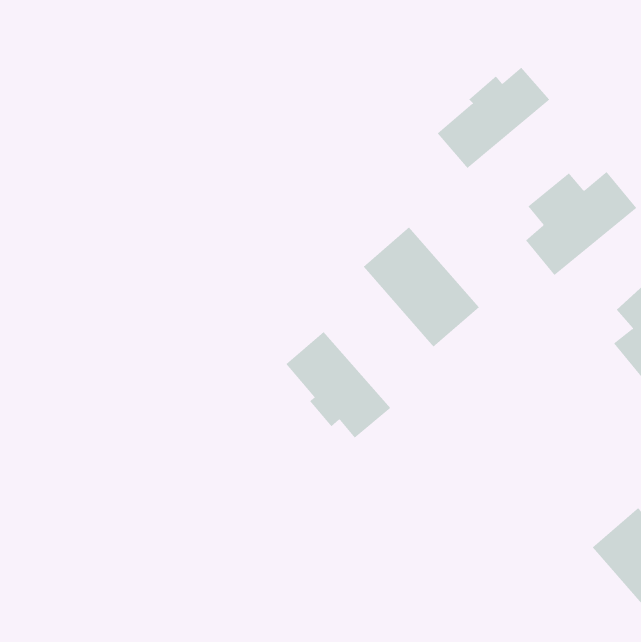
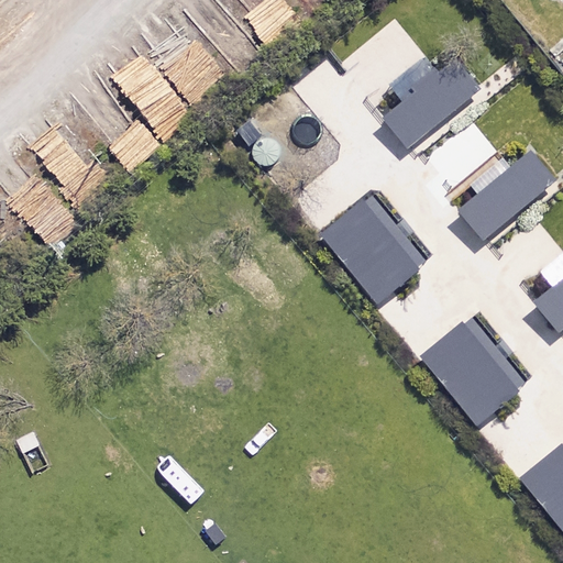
building: [285,331,391,438] -> none
building: none -> [419,320,521,426]

